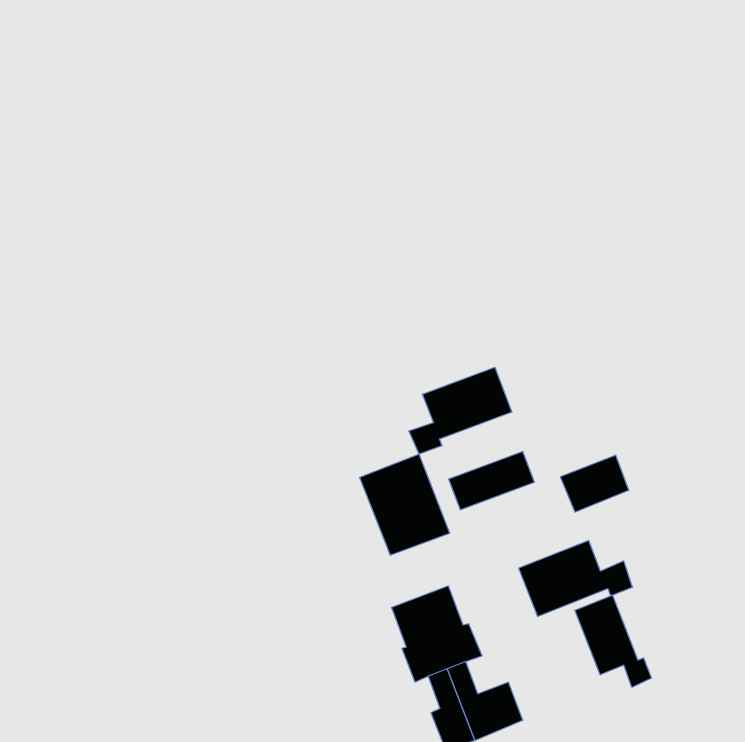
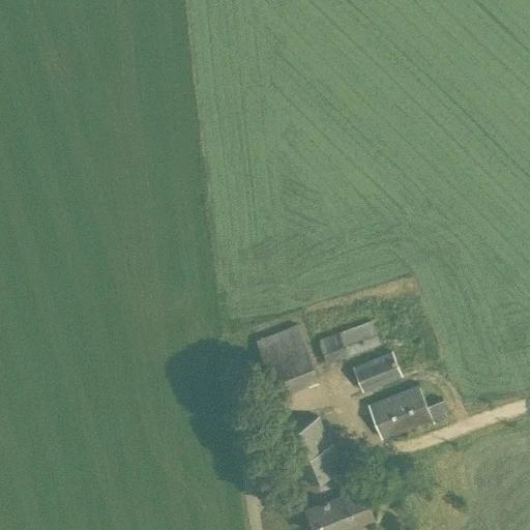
building: [409,367,512,454] -> none
building: [560,455,629,512] -> [353,353,402,393]
building: [575,595,651,687] -> none

